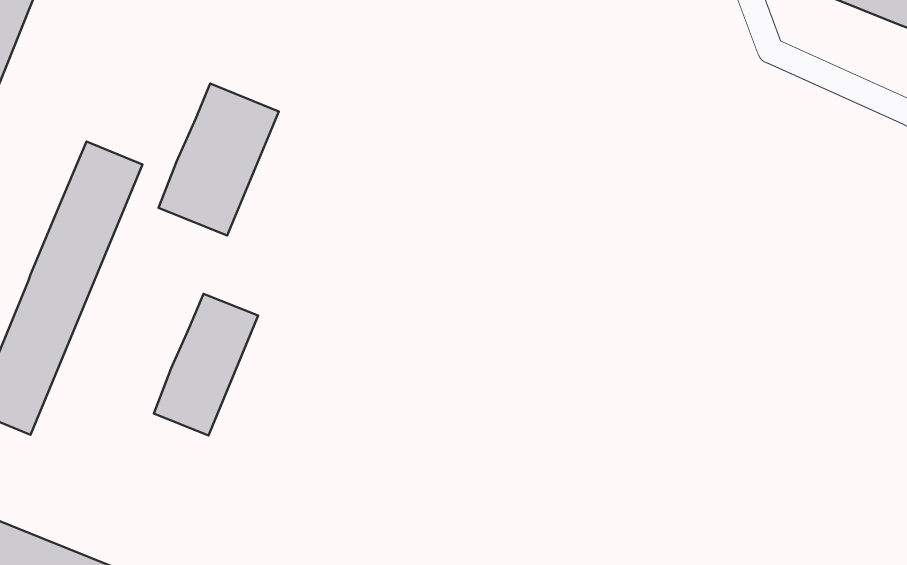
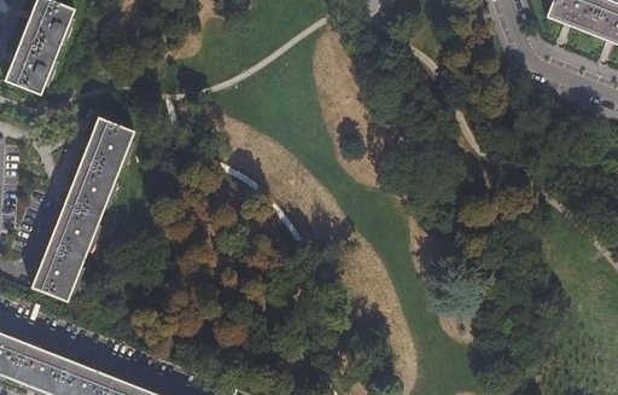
building: [159,84,279,236] -> none
building: [154,294,258,435] -> none

